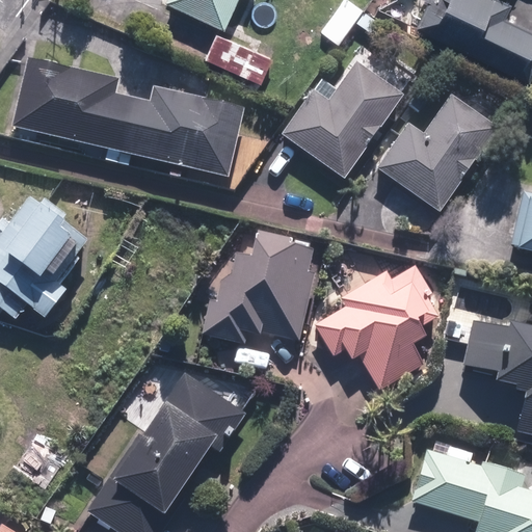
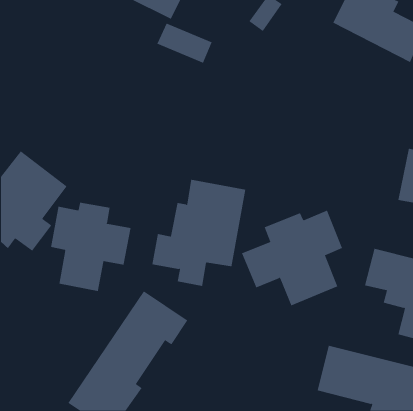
building: [281,54,409,180] -> none
building: [11,55,244,177] -> none
building: [374,98,491,211] -> none
building: none -> [51,202,131,292]

